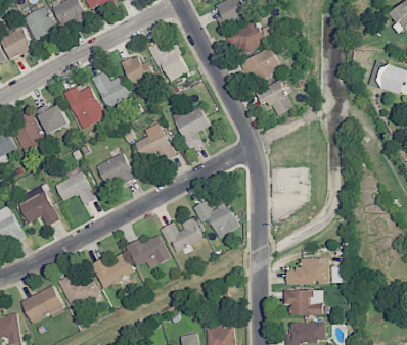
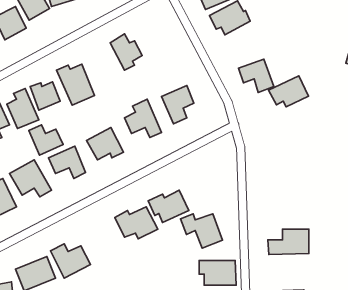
building: [149,43,188,81] -> none
building: [239,47,281,80] -> [269,76,309,107]
building: [93,72,131,107] -> none
building: none -> [29,125,63,155]
building: [194,201,238,237] -> [181,214,222,248]
building: [92,254,134,288] -> none
building: [284,290,323,315] -> [199,261,236,285]

